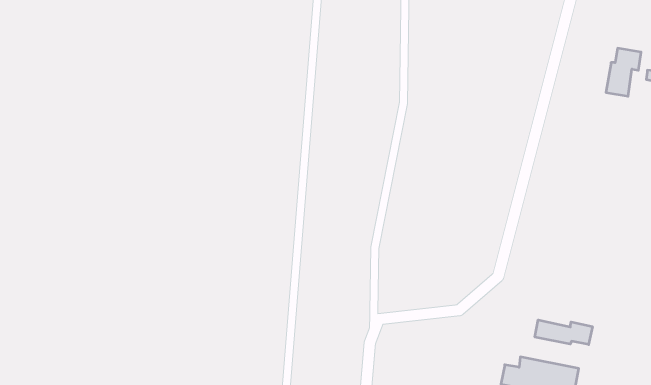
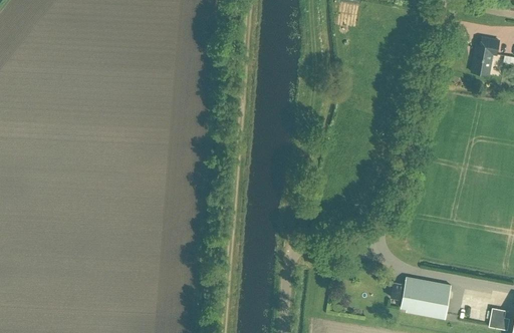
building: [535,320,592,345] -> none

